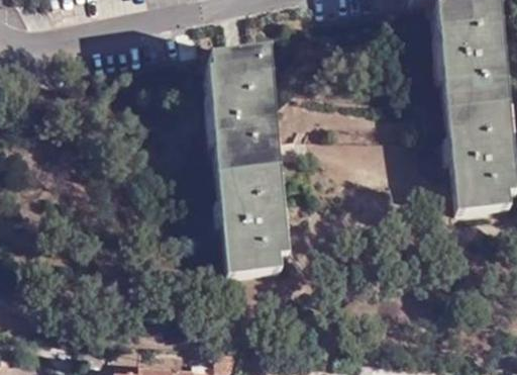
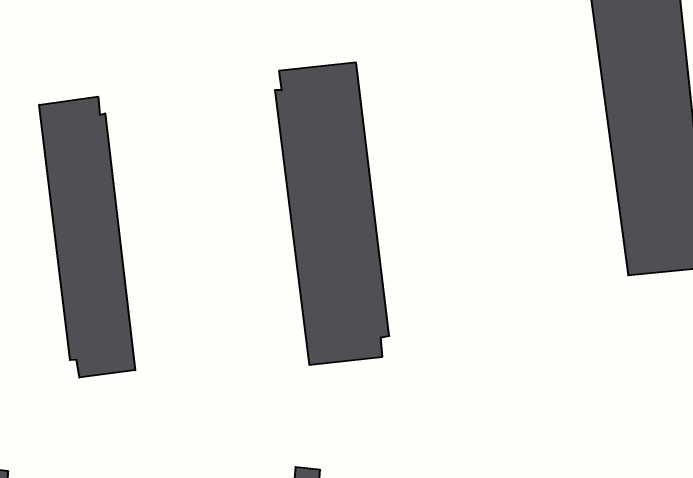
building: none -> [39,97,135,378]

